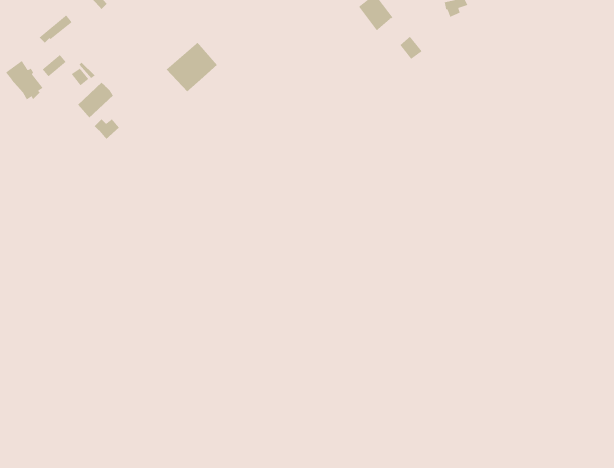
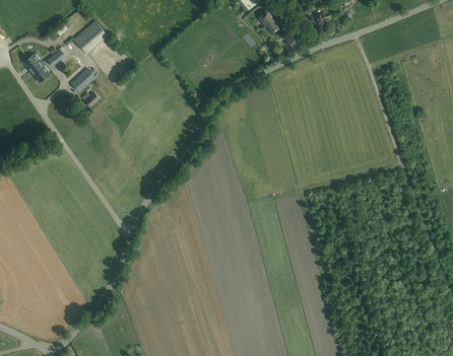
building: [166,42,218,92] -> [73,20,108,54]

